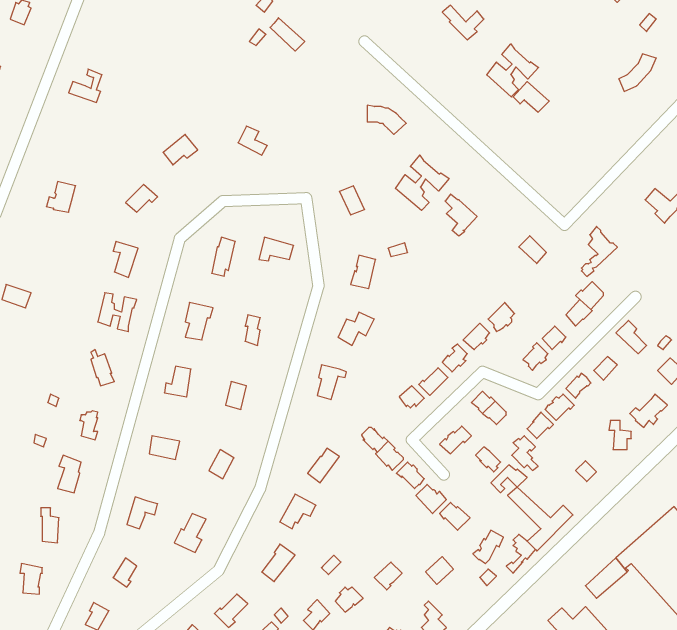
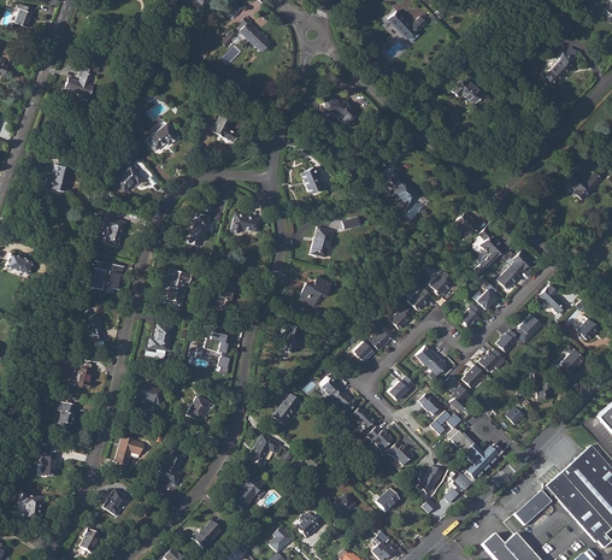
building: [487,44,539,97] -> none
building: [395,155,449,210] -> none
building: [581,226,617,276] -> [473,230,505,273]

